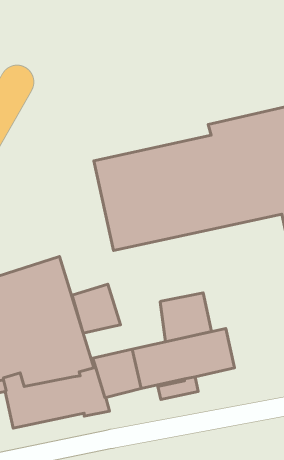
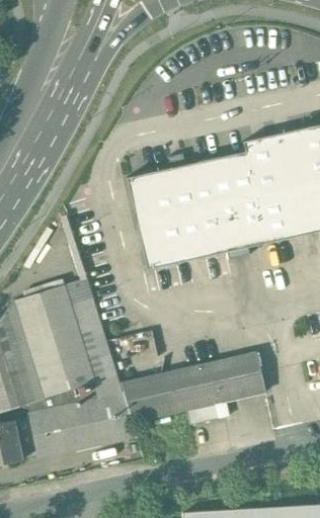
building: [72,284,120,333] -> none
building: [160,293,212,342] -> none

